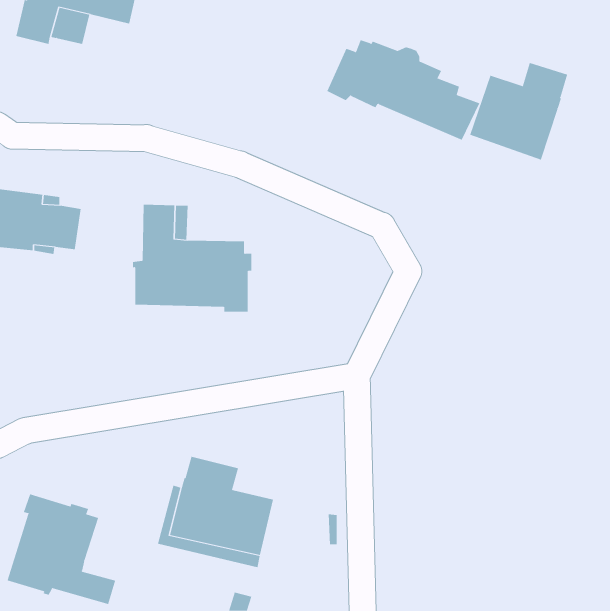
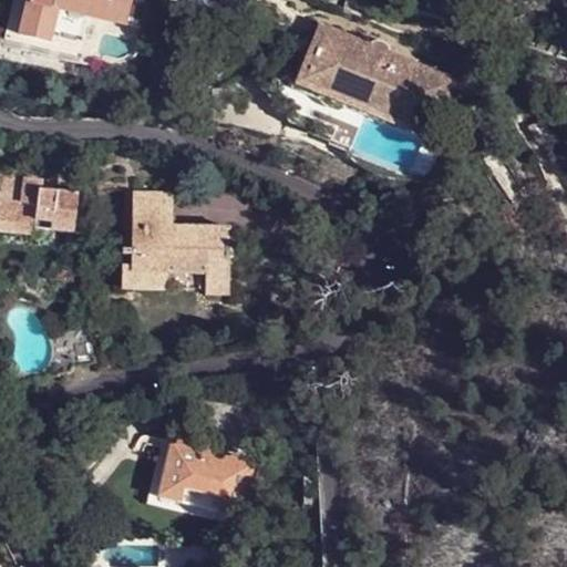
building: [469,62,568,160] -> none
building: [7,494,116,605] -> none

